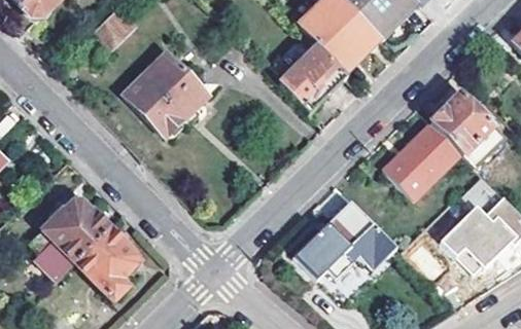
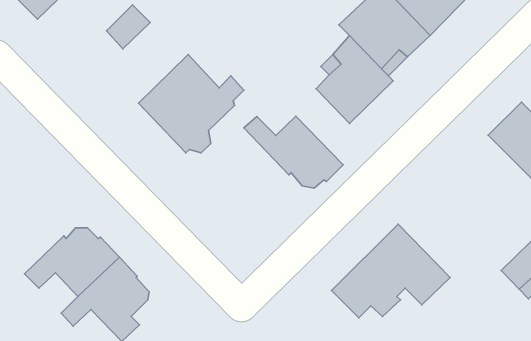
building: none -> [244,116,343,188]
building: [384,121,459,197] -> none

